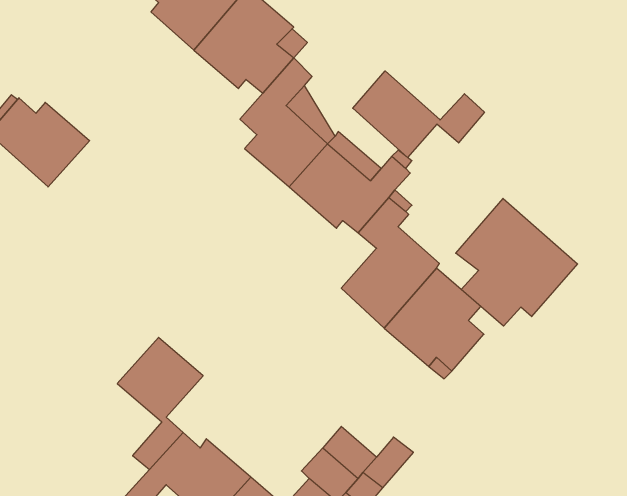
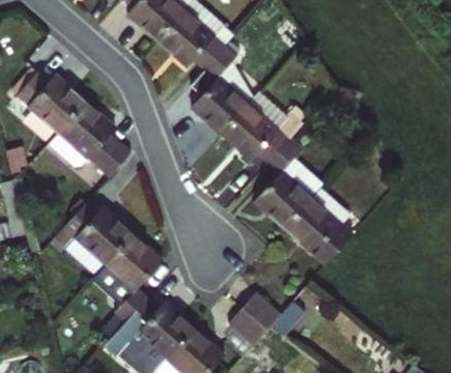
building: [353,71,484,157] -> none
building: none -> [57,102,131,178]
building: [456,198,578,326] -> none
building: none -> [63,204,132,265]

